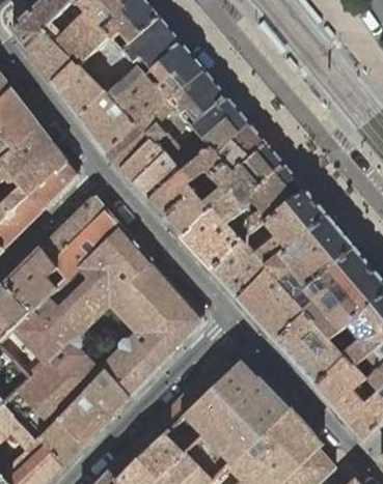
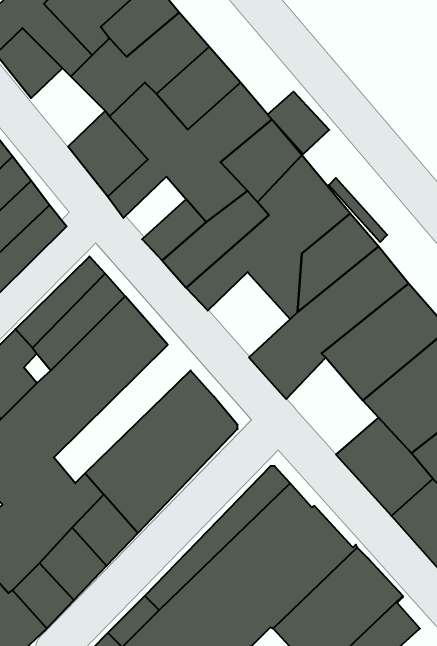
building: [52,60,106,117] -> none
building: none -> [268,92,329,154]
building: [119,139,165,184] -> none
building: [181,208,241,271] -> none
building: [69,261,168,362] -> none
building: [238,271,305,341] -> none

